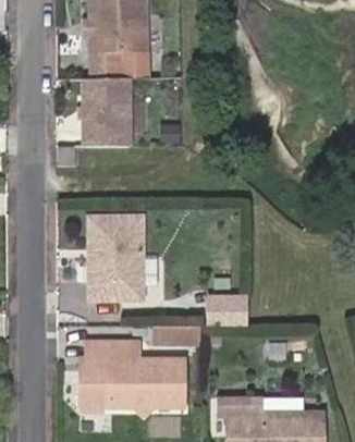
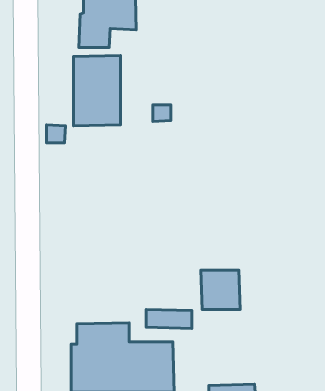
building: [89,218,144,299] -> none

